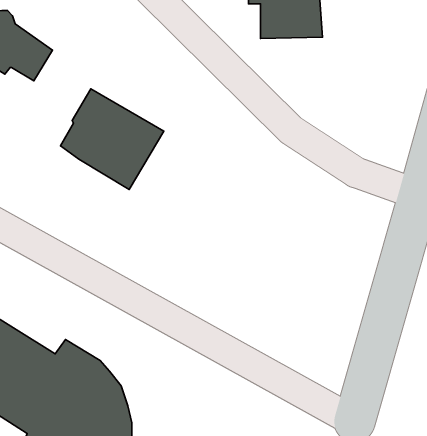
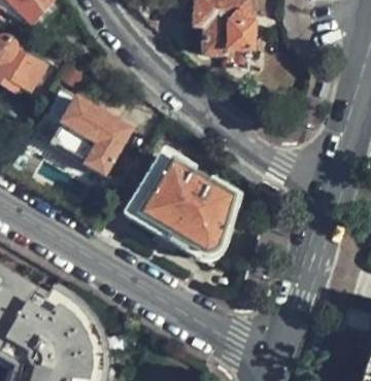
building: none -> [129,154,232,256]

